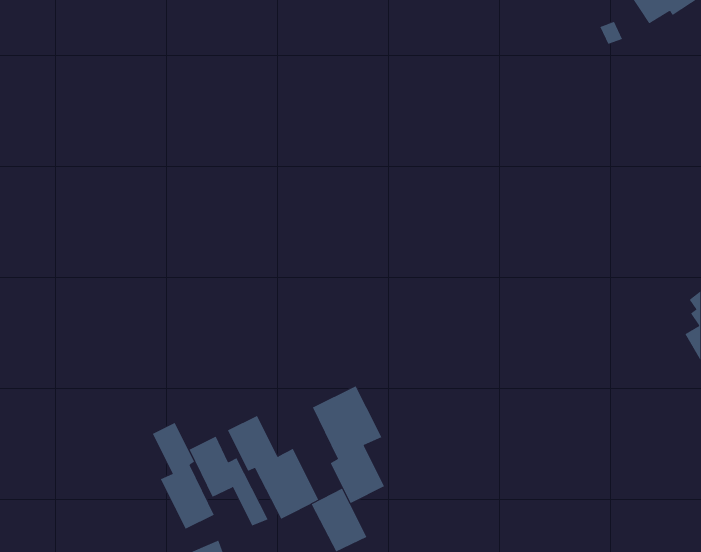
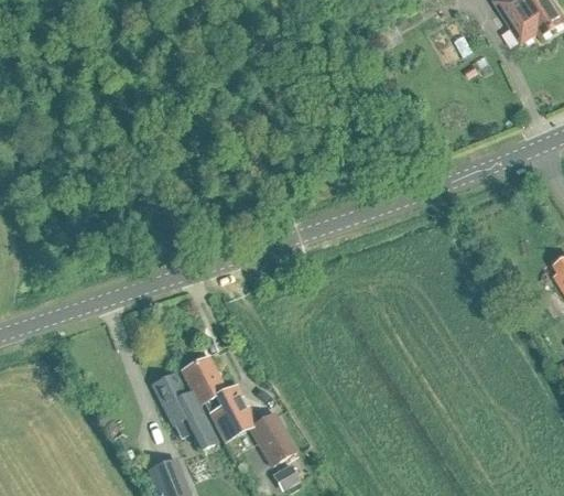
building: [312,385,385,504] -> none
building: [152,422,215,530] -> none

